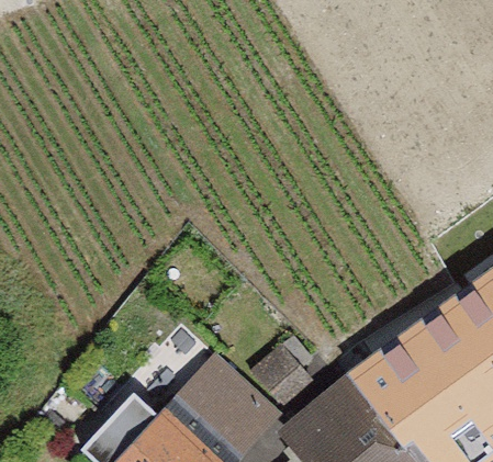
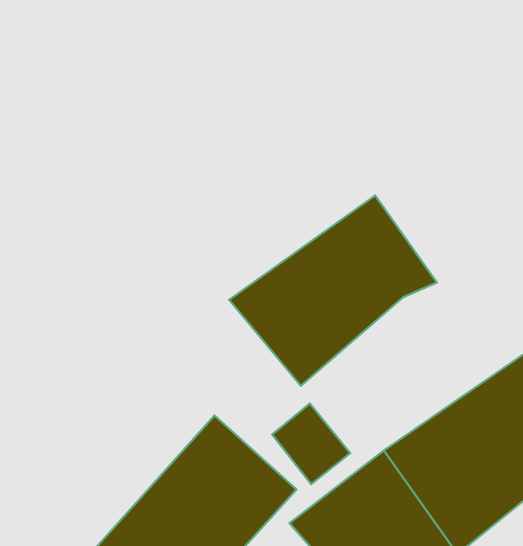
building: none -> [229,195,437,386]

